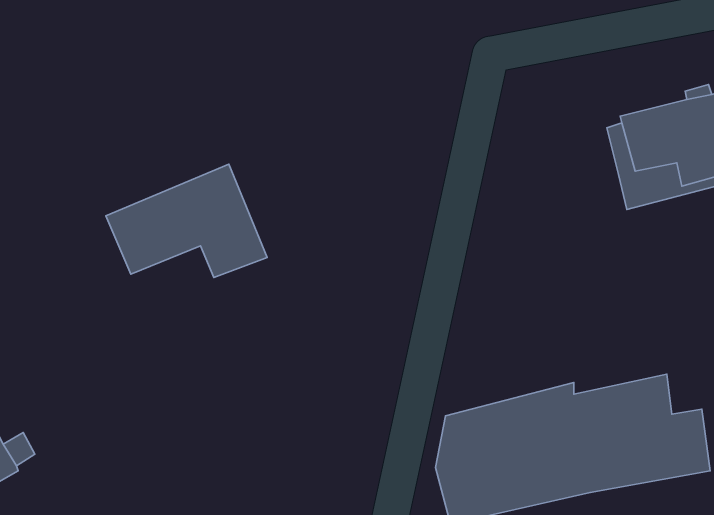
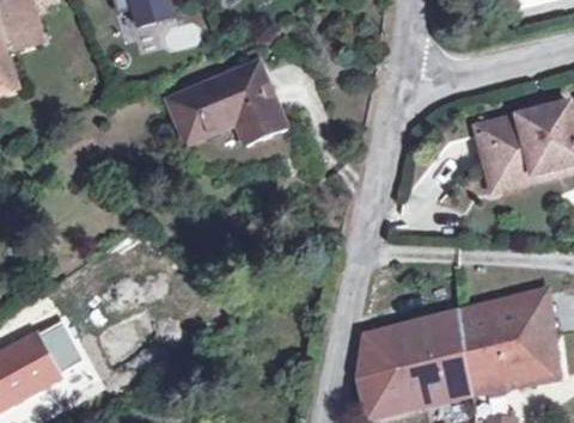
building: [106,164,267,277] -> [169,62,285,143]
building: none -> [456,289,548,335]

